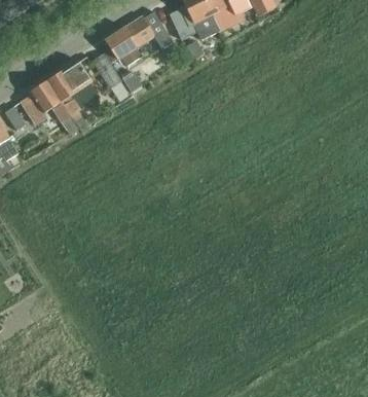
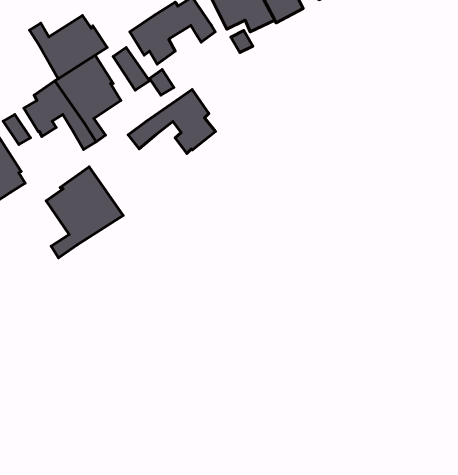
building: none -> [29,16,107,79]
building: none -> [128,90,215,153]
building: none -> [46,167,123,258]

